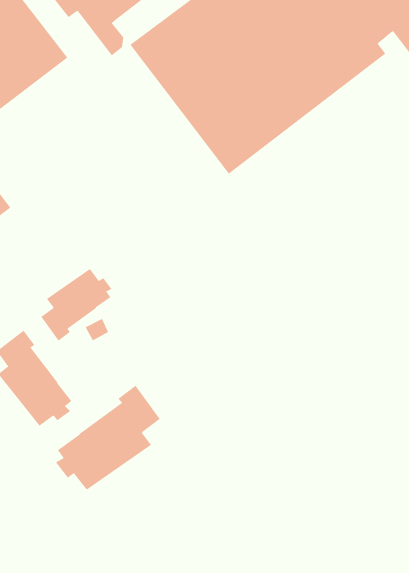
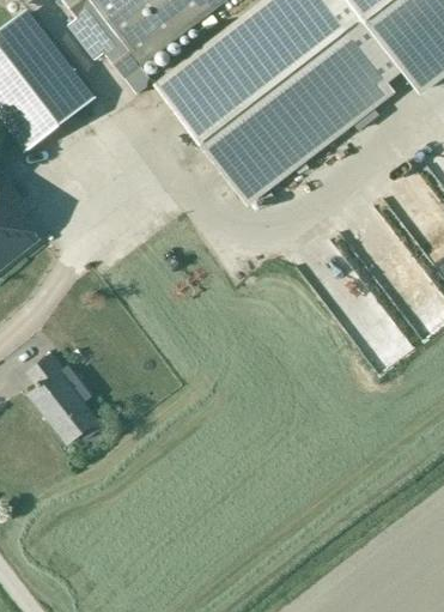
building: [41,268,112,341] -> none
building: [55,385,161,490] -> none

